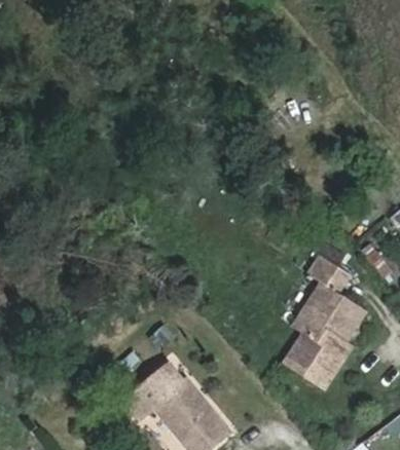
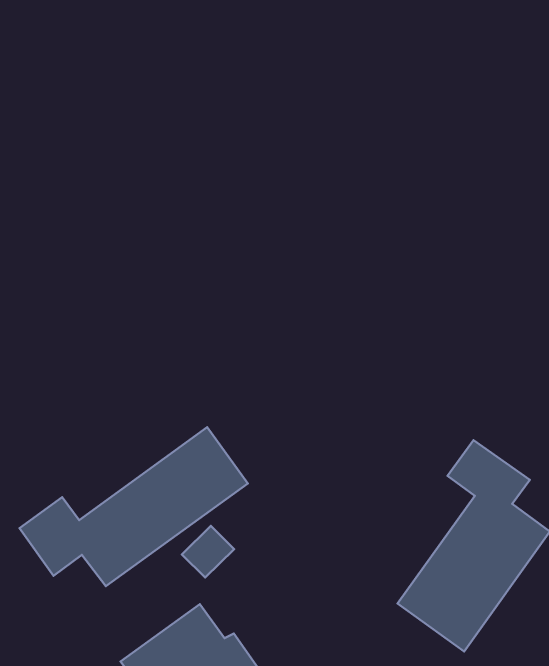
building: none -> [20,427,248,586]

